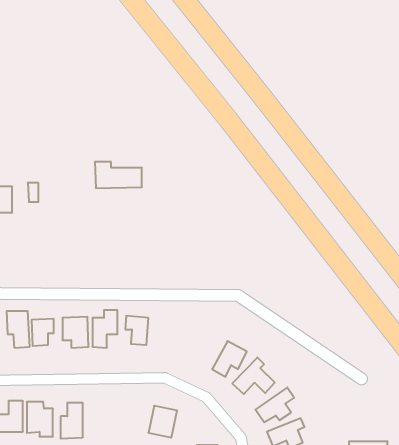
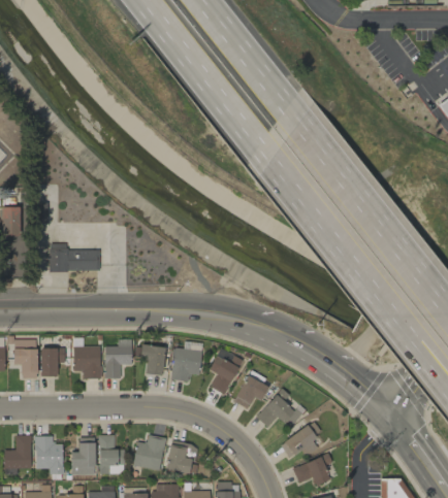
building: [95,162,142,188] -> [49,243,99,271]
building: none -> [172,347,201,380]
building: none -> [210,348,242,394]
building: none -> [99,434,122,473]
building: none -> [133,435,166,470]

